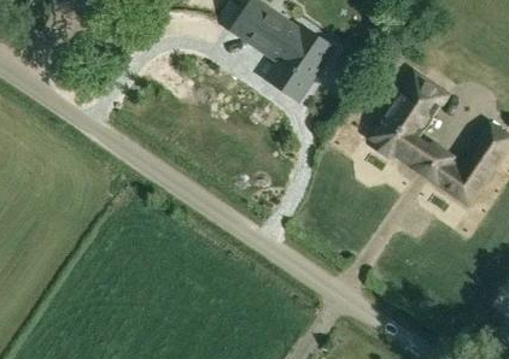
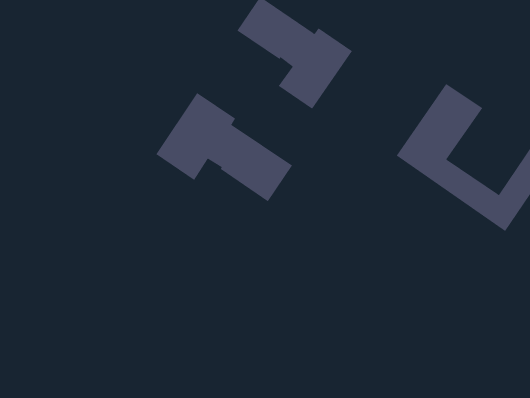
building: none -> [156,92,293,202]

